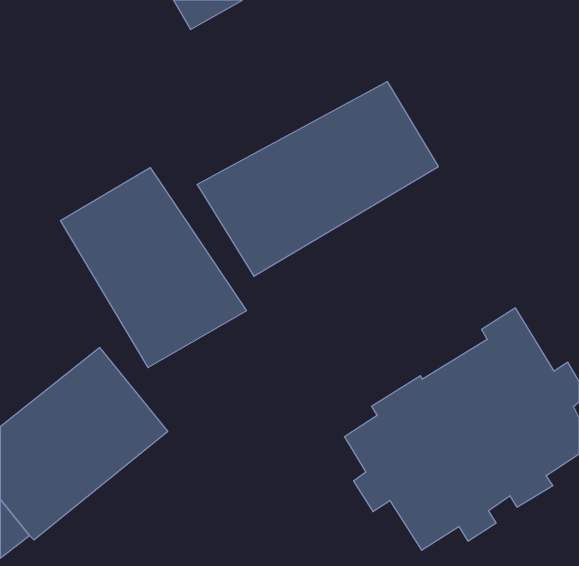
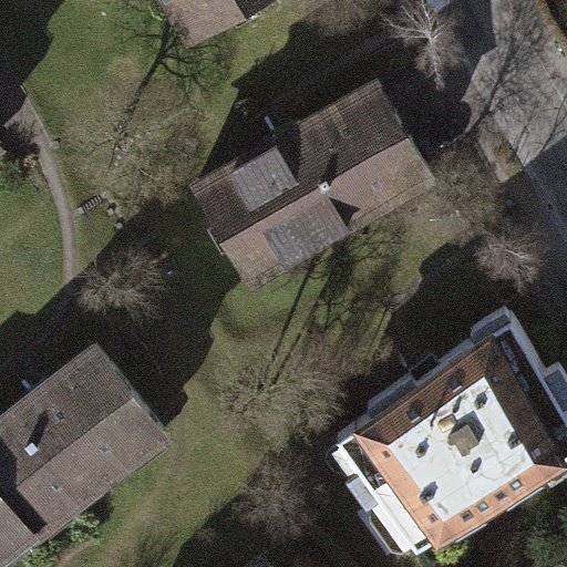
building: [61,168,246,368] -> none

